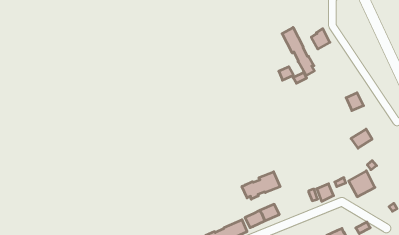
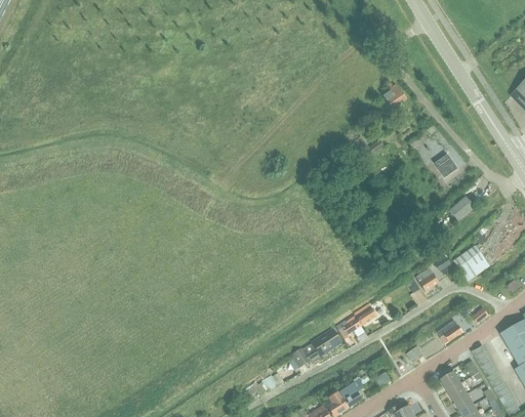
building: [282,27,314,76] -> none
building: [242,172,280,199] -> none

